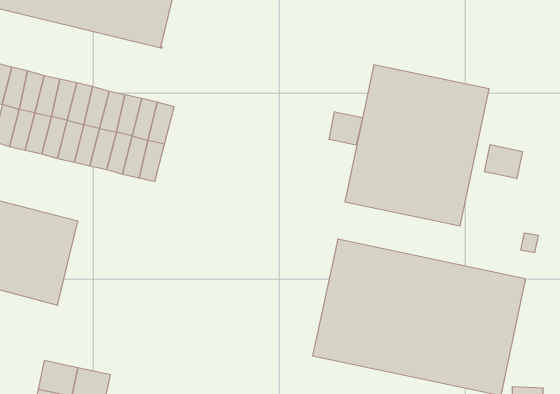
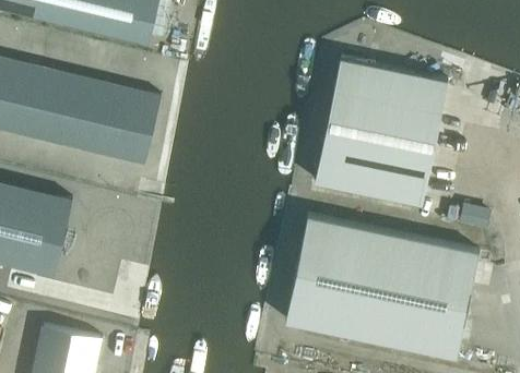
building: [329,112,363,145] -> none
building: [485,145,522,179] -> none

